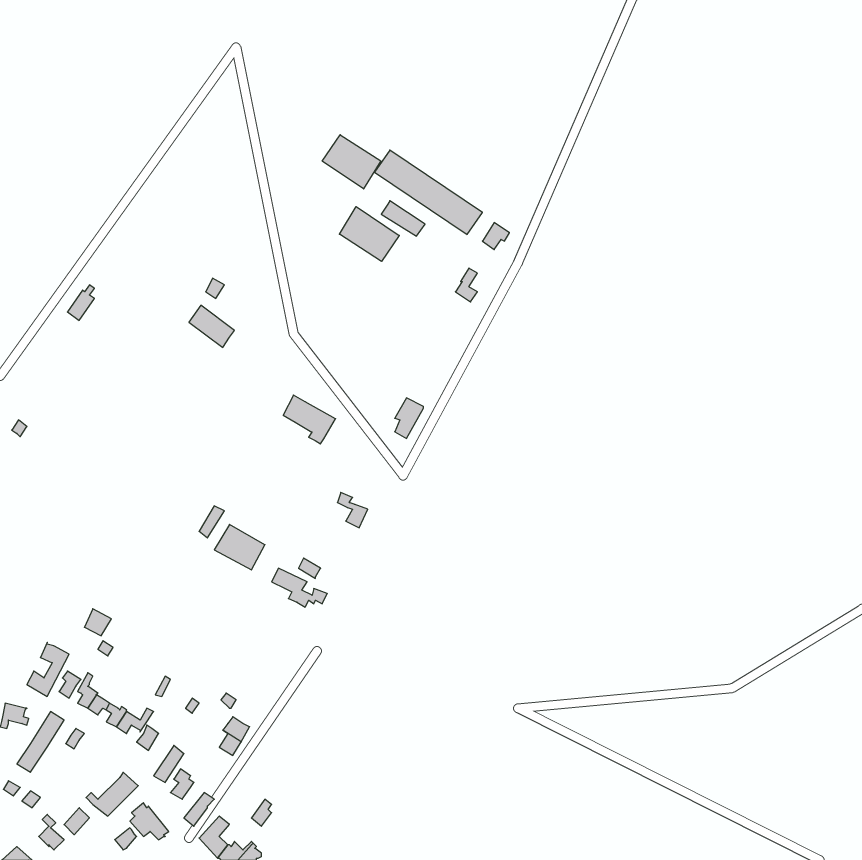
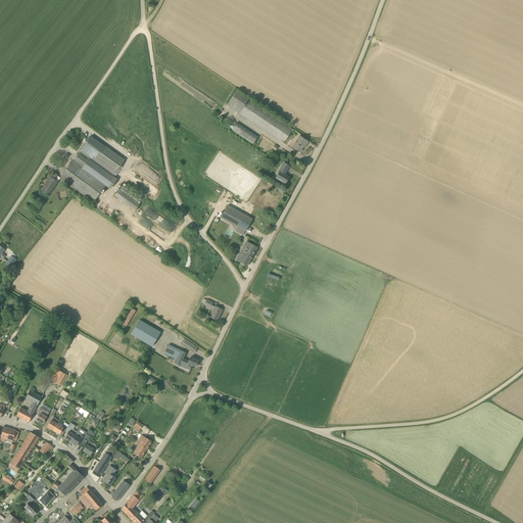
building: [322,135,381,189] -> none
building: [339,207,399,261] -> none
building: none -> [60,135,124,201]
building: [283,395,336,444] -> [221,204,252,234]

